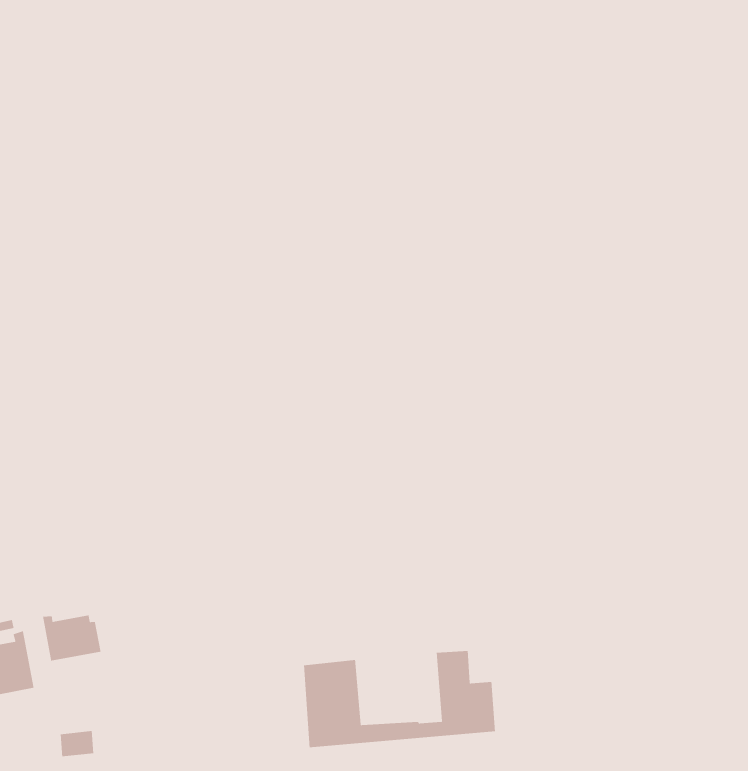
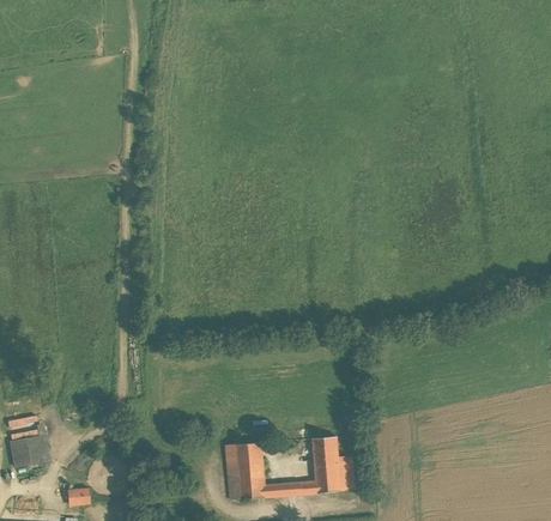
building: [42,614,102,662] -> none

